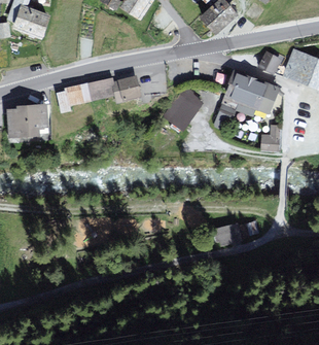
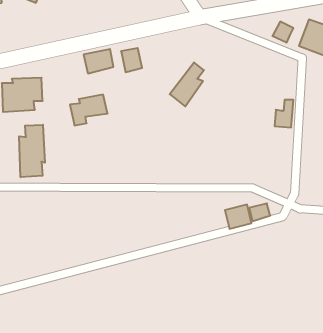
building: [218,72,278,124] -> none
building: [54,84,88,113] -> [70,95,108,125]
building: none -> [19,125,45,177]

